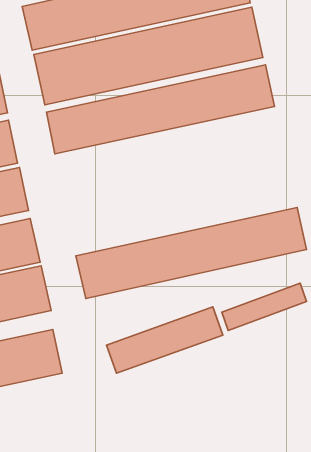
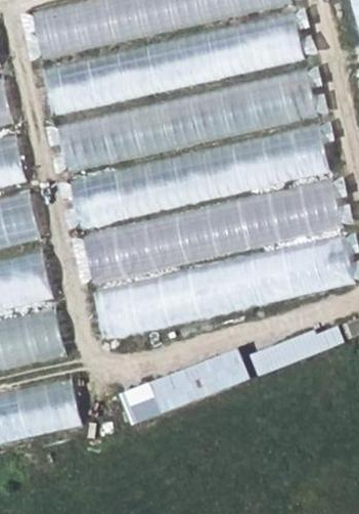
building: none -> [68,127,326,229]
building: none -> [80,182,336,281]

